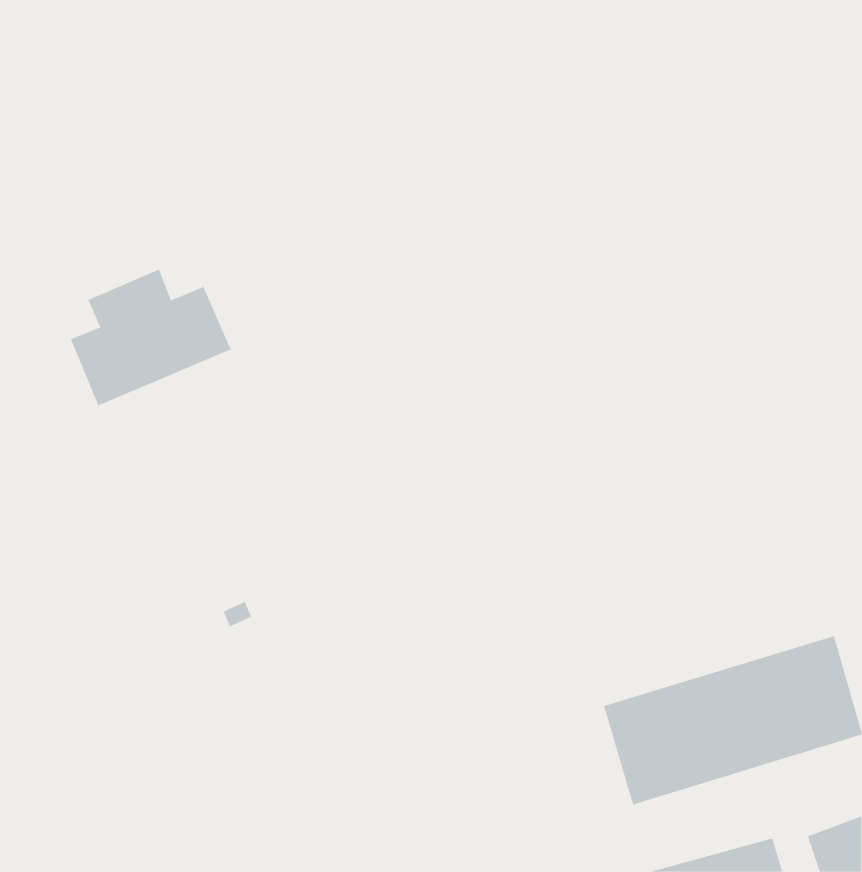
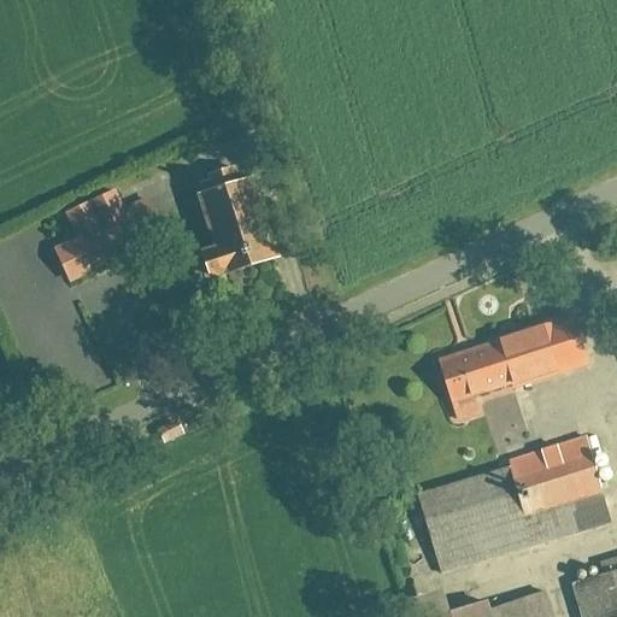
building: none -> [198,174,275,277]
building: none -> [435,318,586,405]

